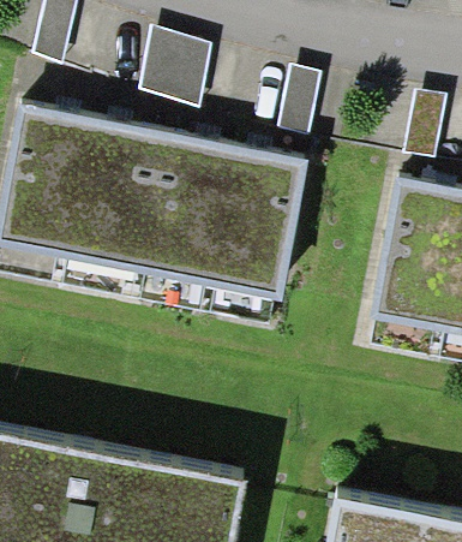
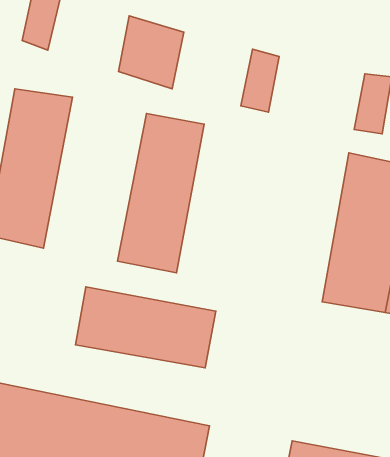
building: [56,114,172,298] -> none
building: [205,144,308,322] -> none
building: none -> [76,287,216,368]

